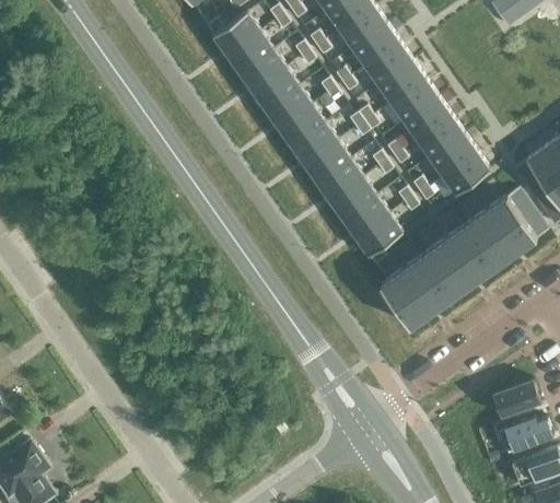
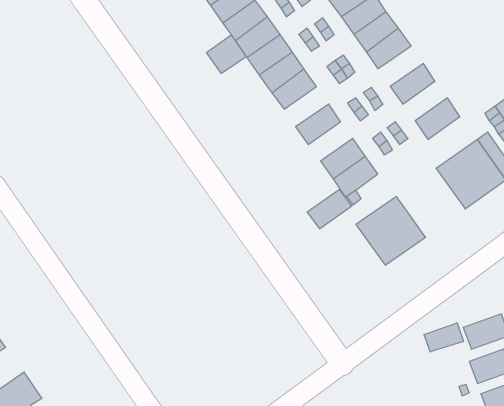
building: none -> [206,35,246,73]
building: [402,97,451,140] -> none
building: [429,134,476,176] -> none
building: [304,140,351,183] -> none
building: [329,177,376,219] -> [307,189,352,229]
building: [422,226,494,299] -> none
building: none -> [424,323,463,352]

